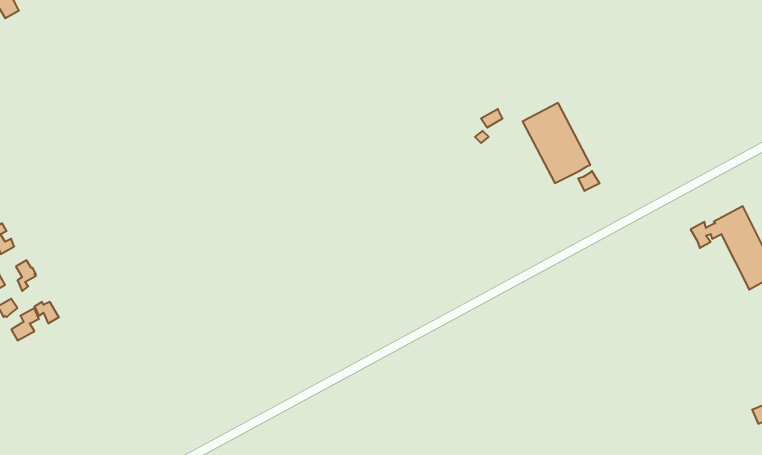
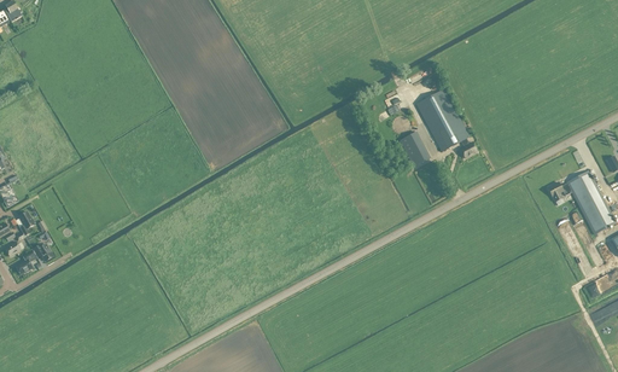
building: none -> [398,130,430,167]

